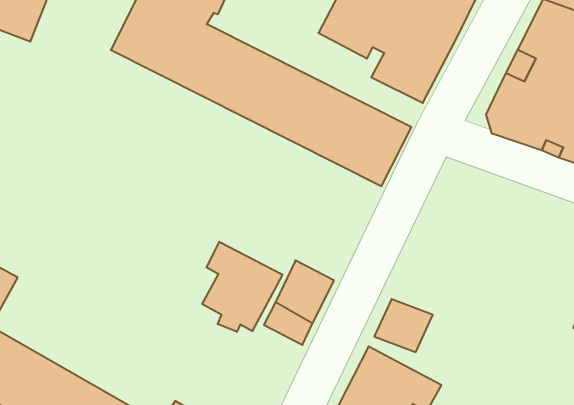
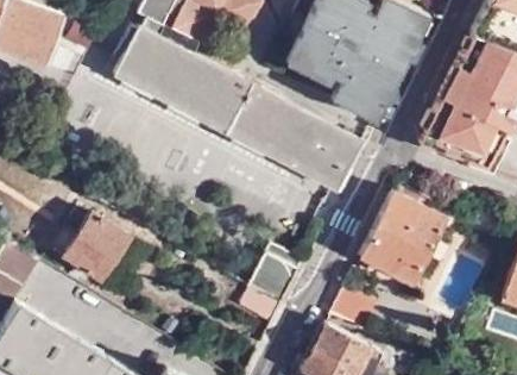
building: none -> [360,190,445,281]
building: none -> [46,214,127,285]
building: [202,242,282,332] -> none

